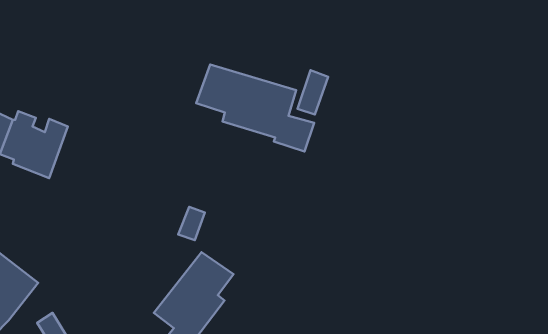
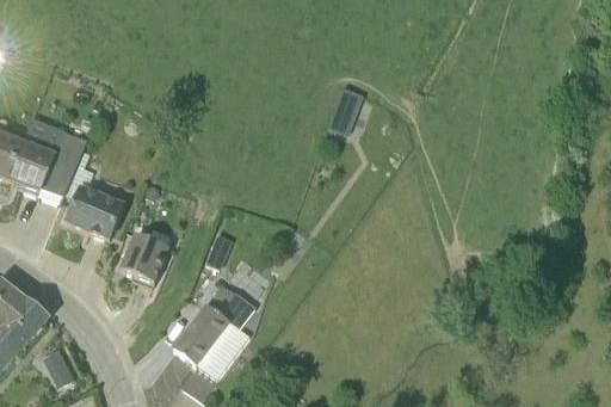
building: [196,65,314,151] -> none
building: none -> [66,147,122,236]
building: none -> [121,232,168,282]

